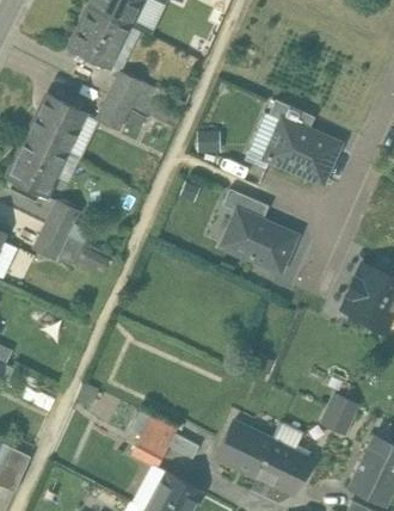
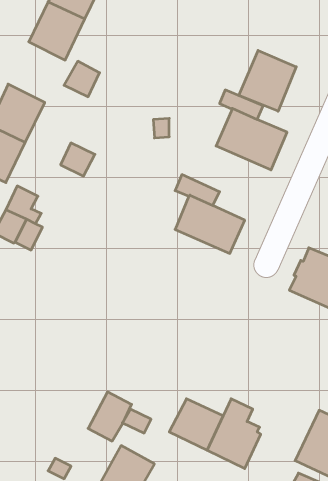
building: none -> [239,50,296,111]
building: [96,96,131,130] -> [61,143,95,176]
building: [321,394,357,435] -> none

